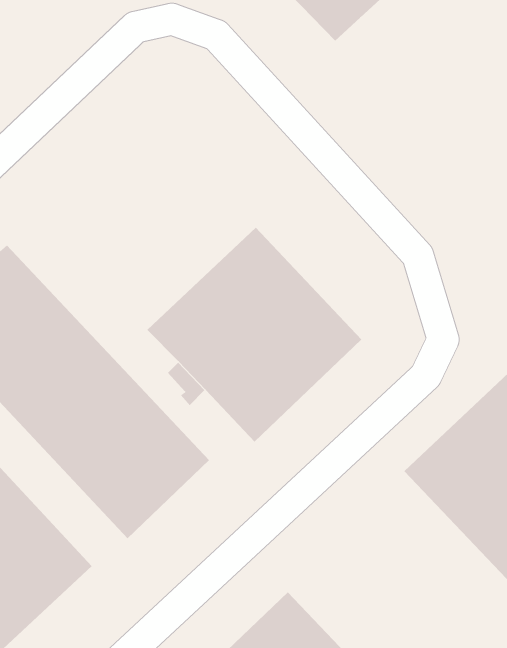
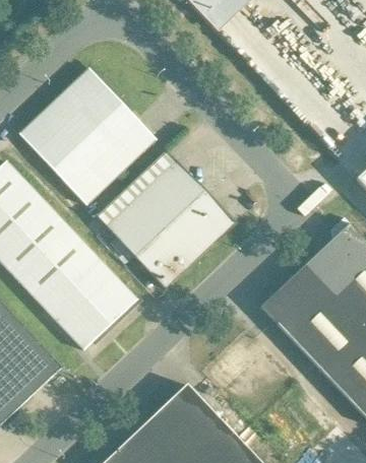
building: none -> [19,68,156,204]

